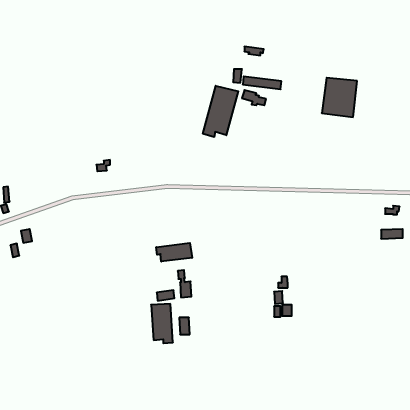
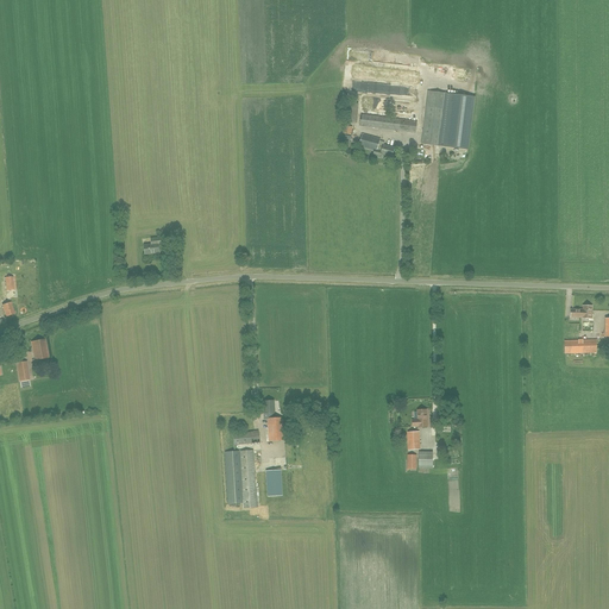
building: [322,78,357,117] -> [420,90,472,149]
building: [203,86,238,137] -> none
building: [156,243,192,262] -> none

